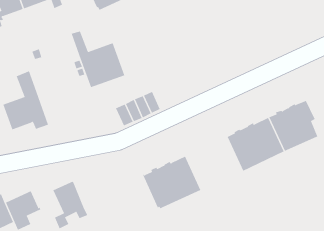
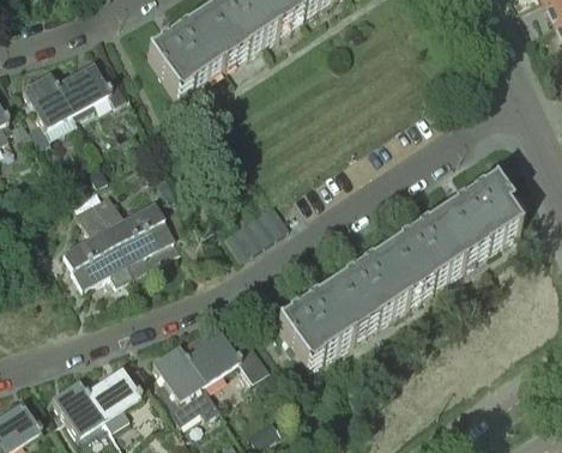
building: [71,31,125,88] -> [92,191,179,270]
building: none -> [333,248,418,330]
building: none -> [180,322,266,381]

